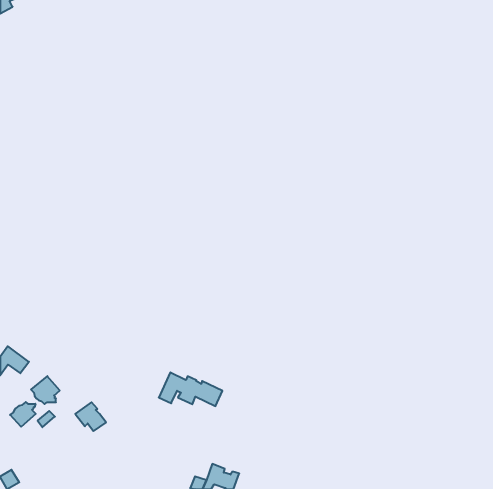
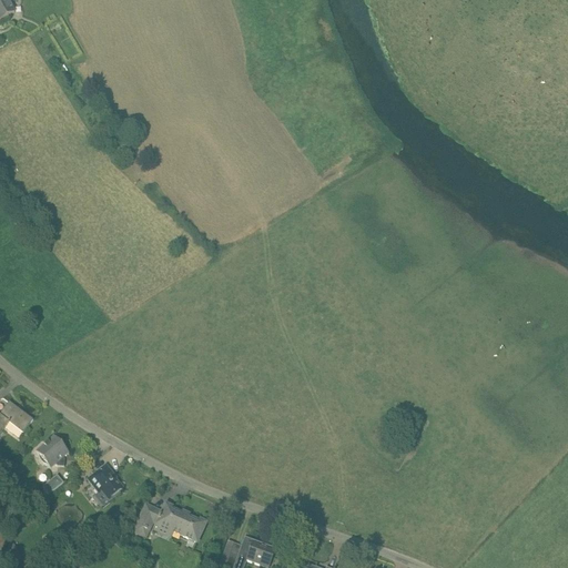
building: [159,372,222,406] -> [132,499,205,538]
building: [10,402,36,427] -> none

